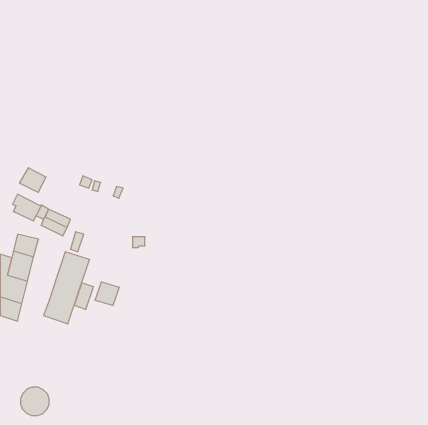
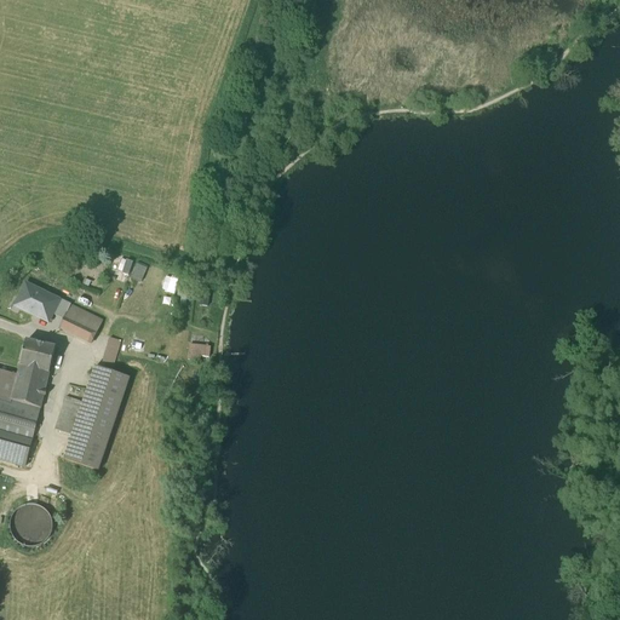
building: [20,168,46,192] -> none
building: [95,282,119,306] -> none
building: [74,283,93,309] -> [54,395,82,434]
building: [21,387,49,416] -> [10,503,51,544]

